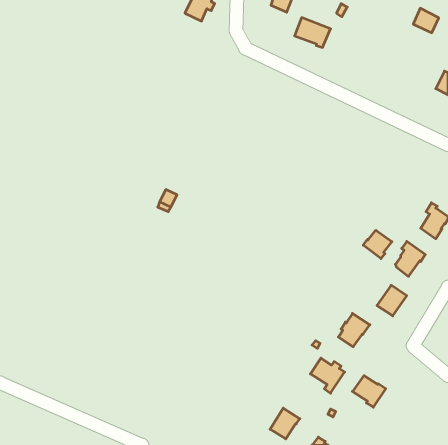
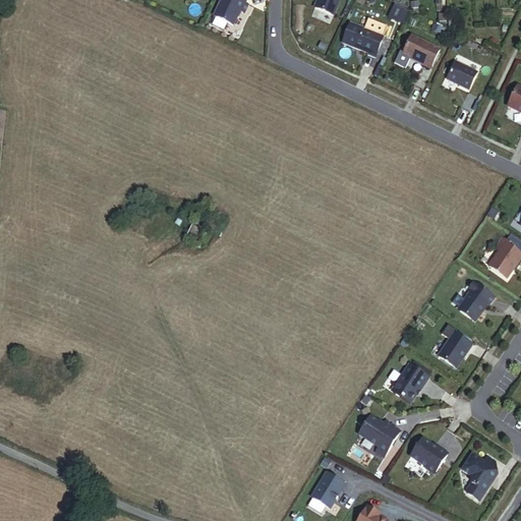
building: [413,8,439,33] -> [447,59,476,88]
building: none -> [402,34,439,66]
building: [363,230,392,259] -> none
building: none -> [462,450,498,496]

